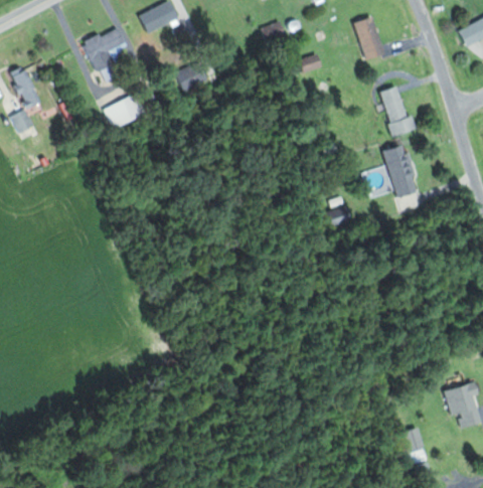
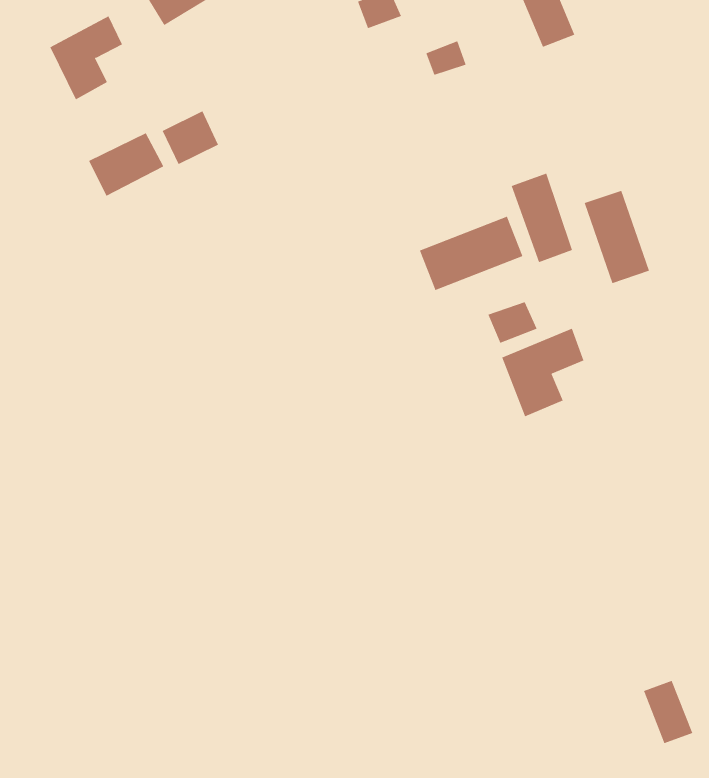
building: [175,61,207,92] -> [162,111,219,165]
building: [379,86,413,137] -> [511,173,573,263]
building: none -> [419,216,523,291]
building: none -> [502,328,584,417]

